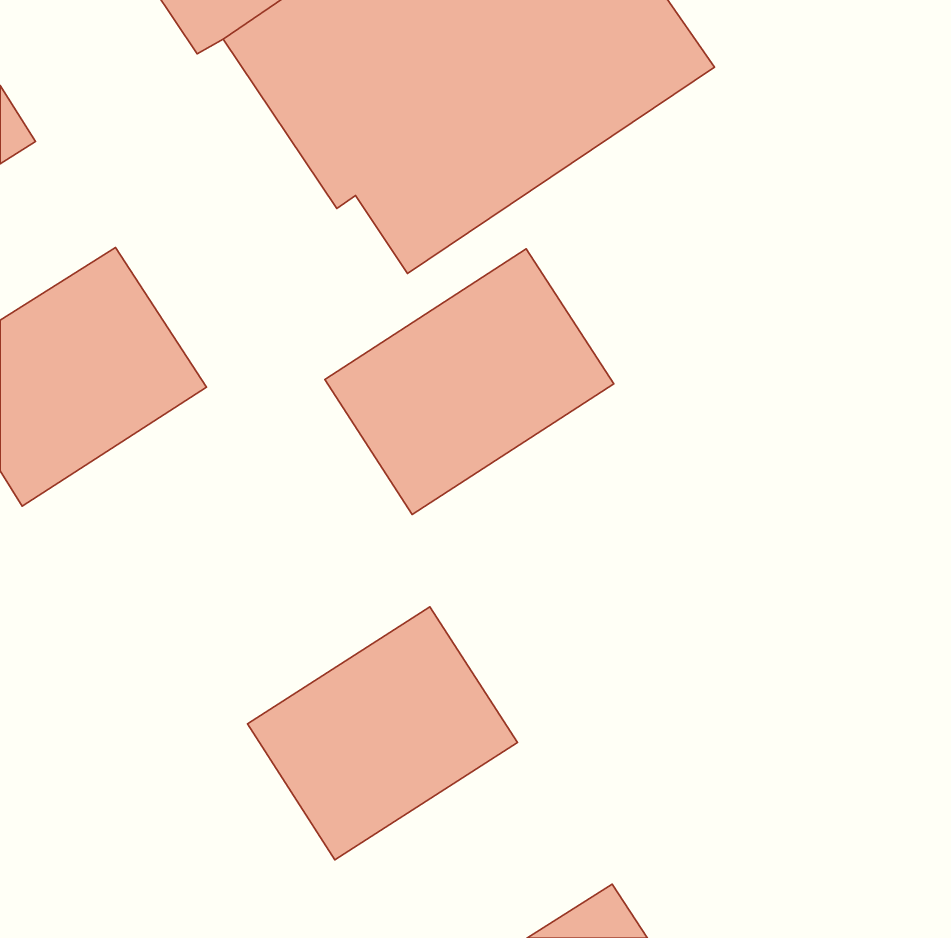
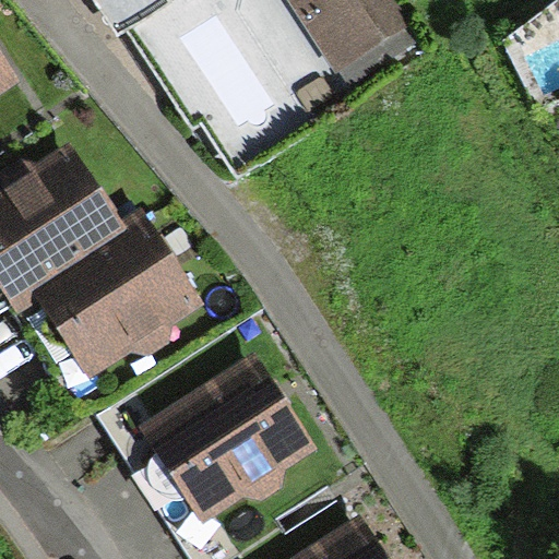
building: [325,249,614,515] -> none
building: none -> [32,217,187,362]

